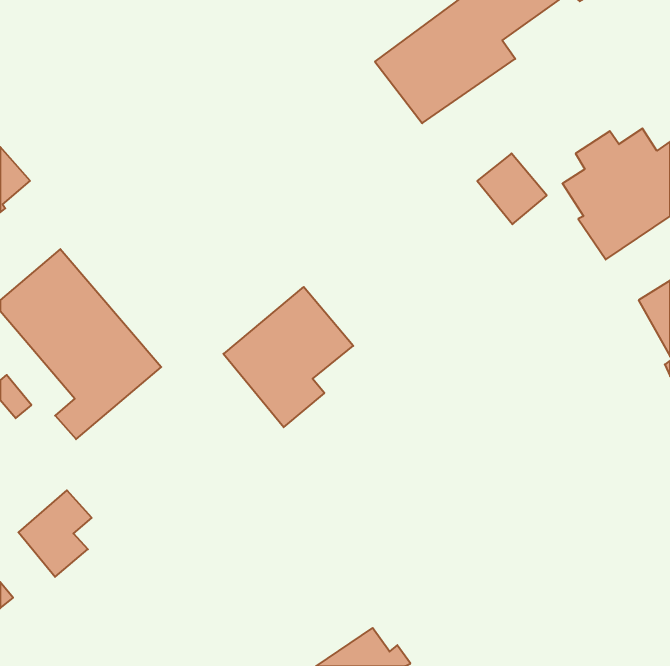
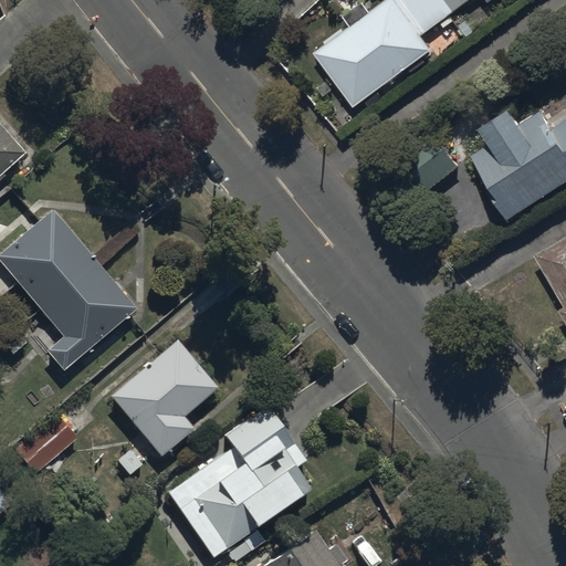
building: [223,287,353,427] -> [109,339,219,458]
building: none -> [167,405,311,557]

